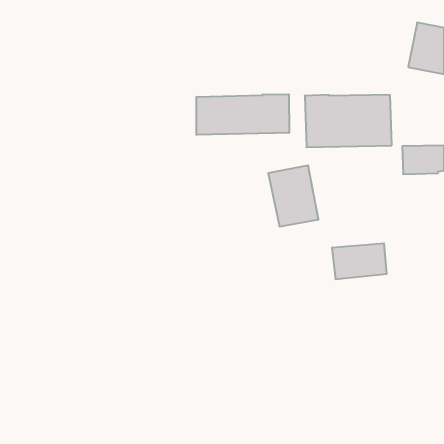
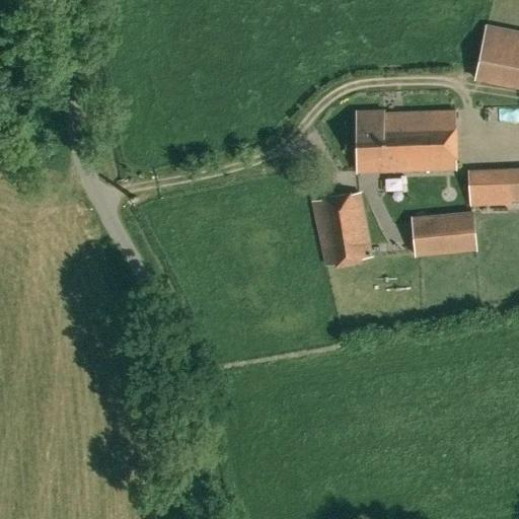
building: [197,94,289,135] -> none
building: [332,243,387,279] -> [412,213,475,254]

